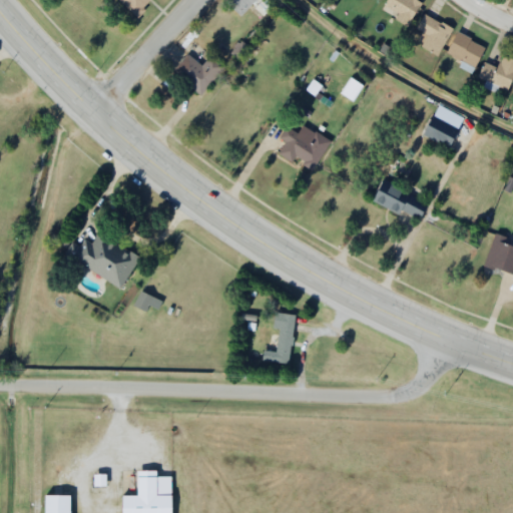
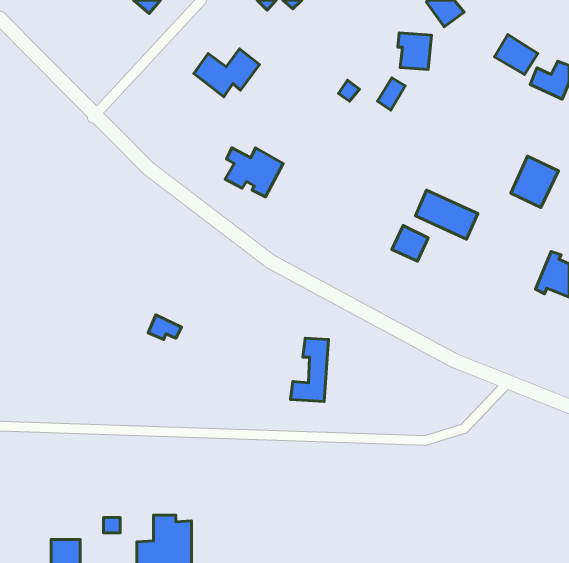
building: [417,25,447,58] -> [398,33,431,70]
building: [423,102,466,148] -> [511,156,559,208]
building: [277,125,329,169] -> [225,148,283,197]
building: none -> [392,226,428,261]
building: [62,223,143,288] -> none

